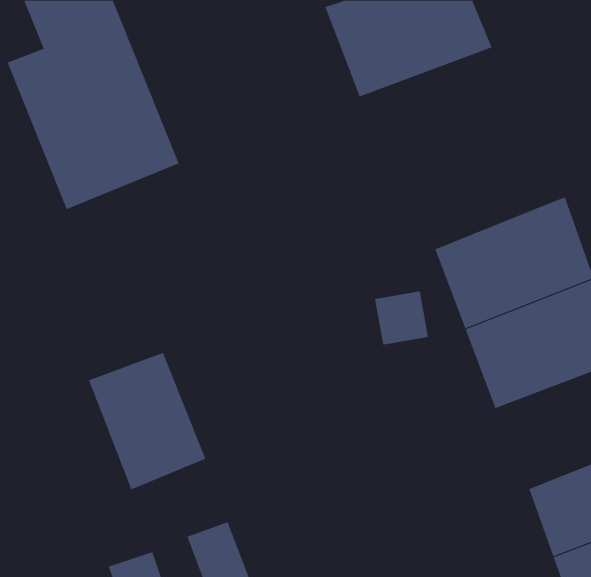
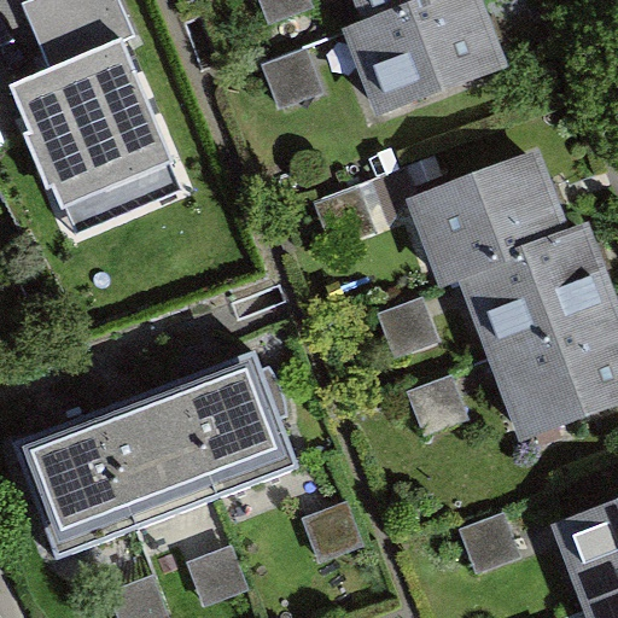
building: none -> [406,140,579,281]
building: none -> [171,351,295,494]
building: none -> [12,412,138,559]

